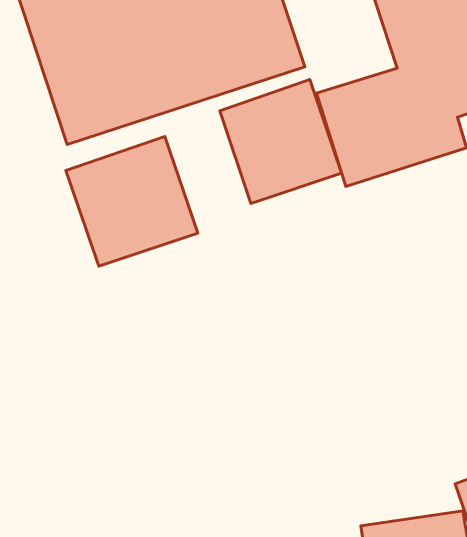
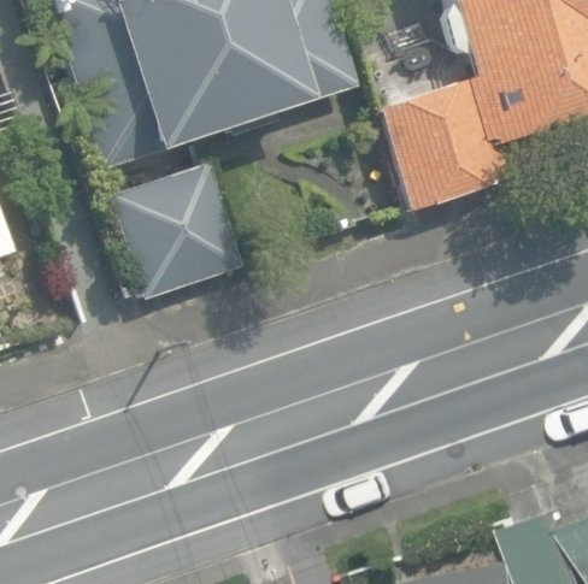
building: [220,79,342,204] -> none

